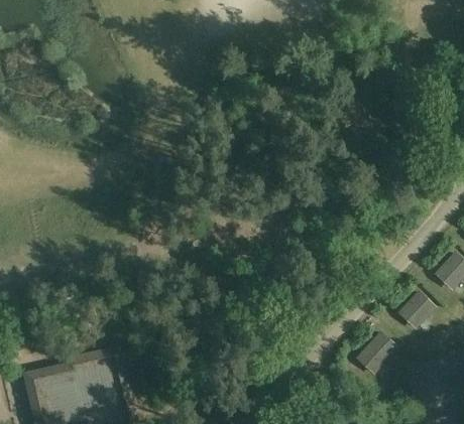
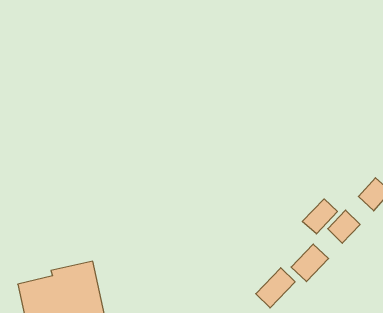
building: none -> [302,199,337,234]
building: none -> [256,268,295,308]

